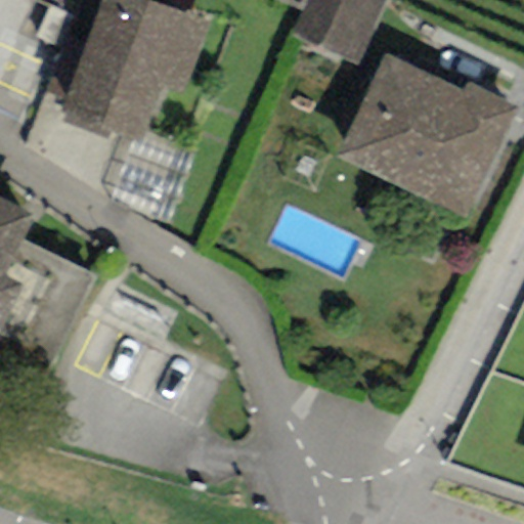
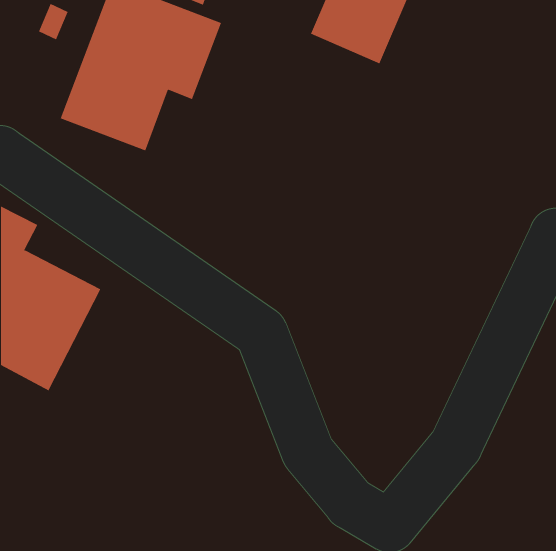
building: [337,52,518,216] -> none

